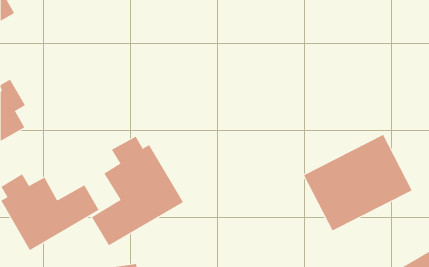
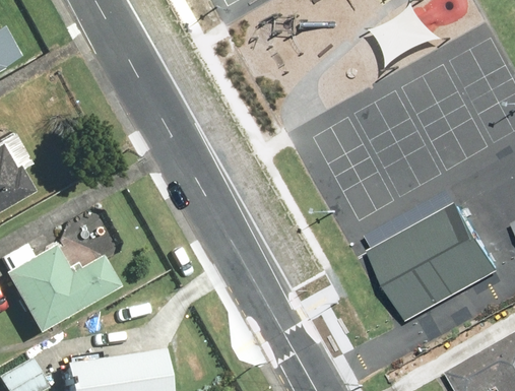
building: [91,136,184,246] -> none

